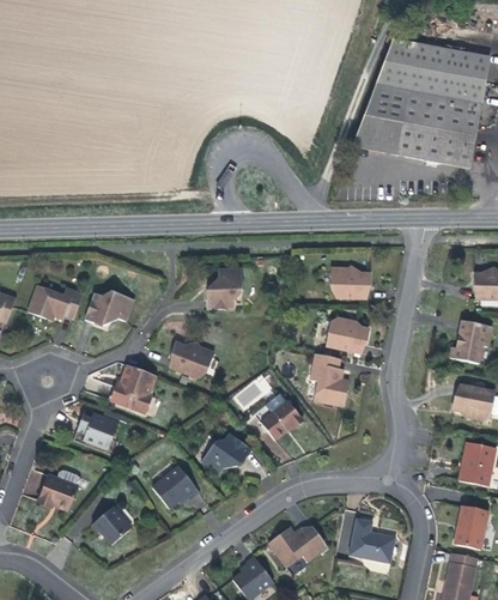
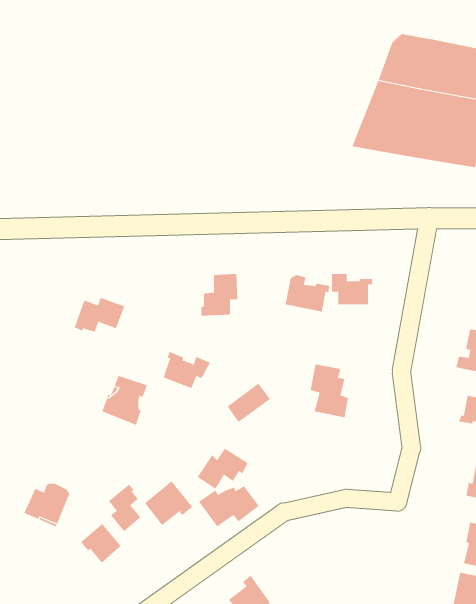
building: [28,285,83,317] -> none
building: [326,316,369,352] -> [285,275,330,312]
building: [261,393,303,438] -> none
building: [77,412,119,447] -> none
building: none -> [108,484,141,532]
building: [351,517,395,563] -> none
building: [268,526,327,565] -> [198,486,260,527]

